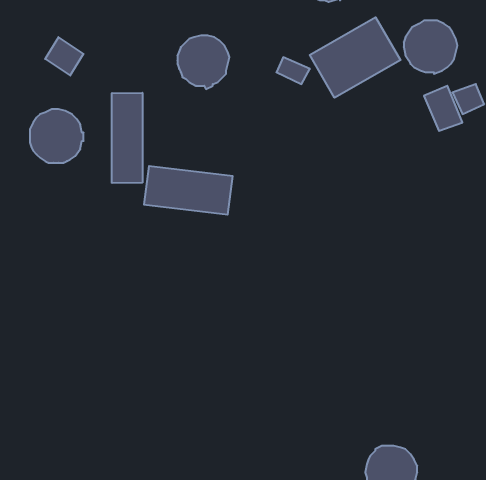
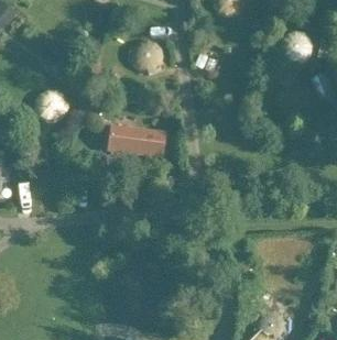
building: [310,17,401,98] -> none
building: [112,93,142,183] -> none

